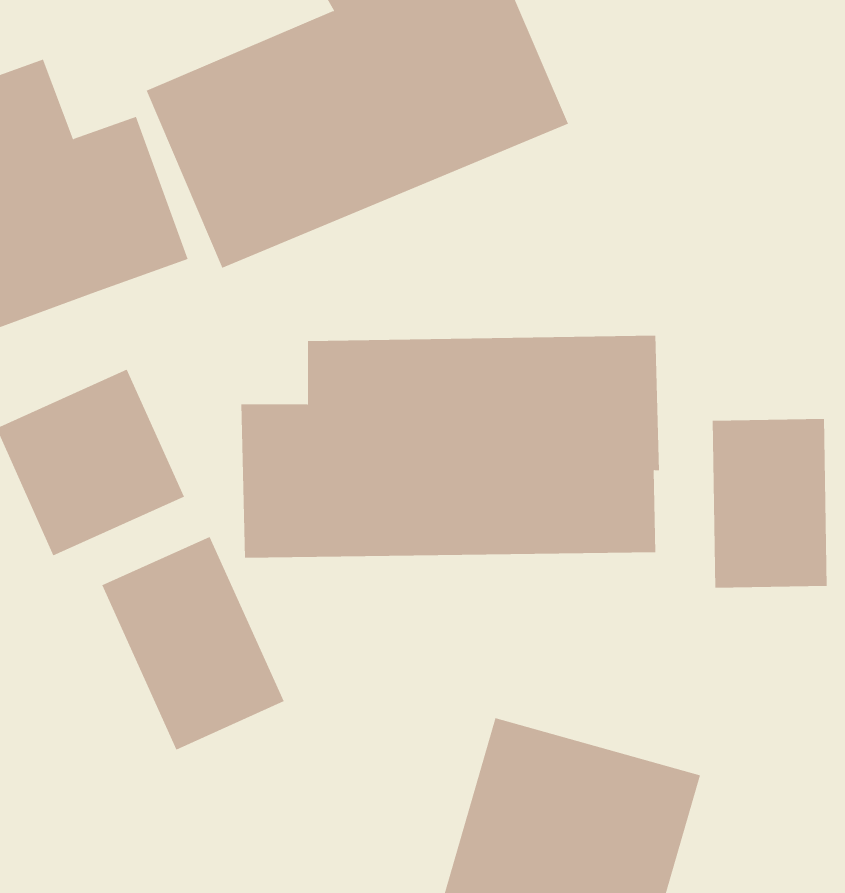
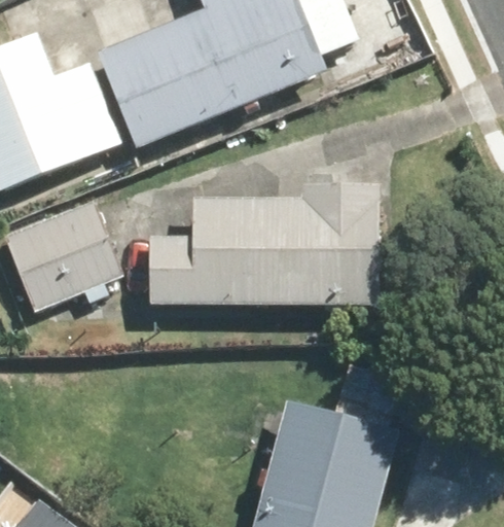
building: [712,418,827,589] -> none
building: [101,536,285,750] -> none

